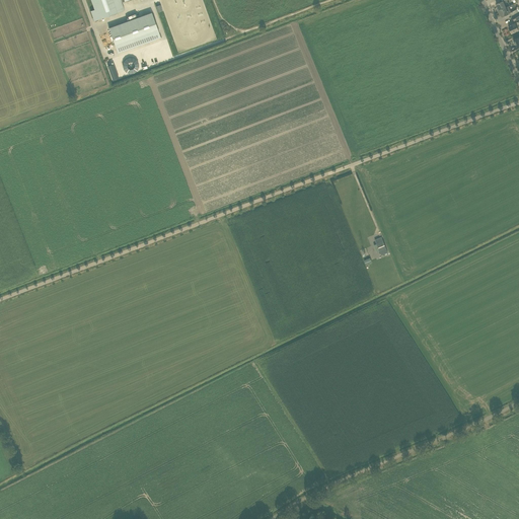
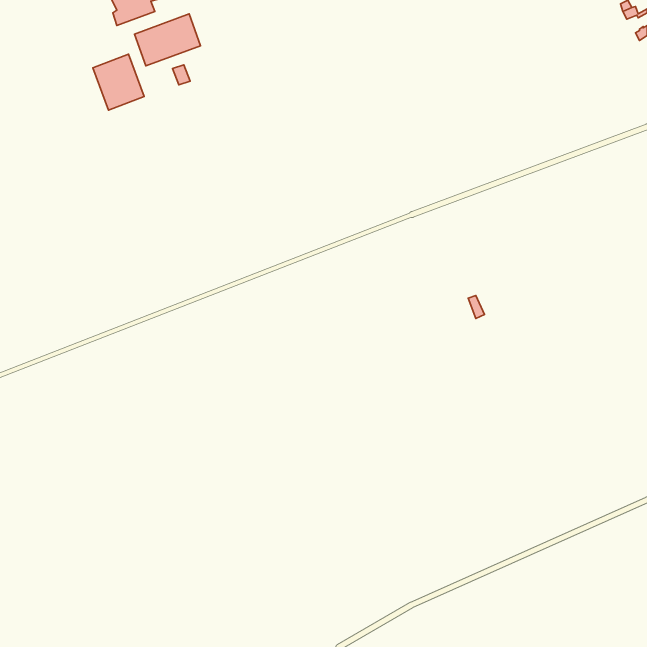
building: none -> [93,54,144,110]

